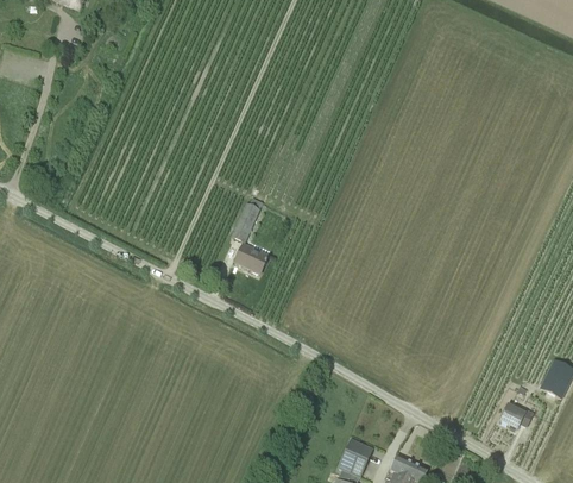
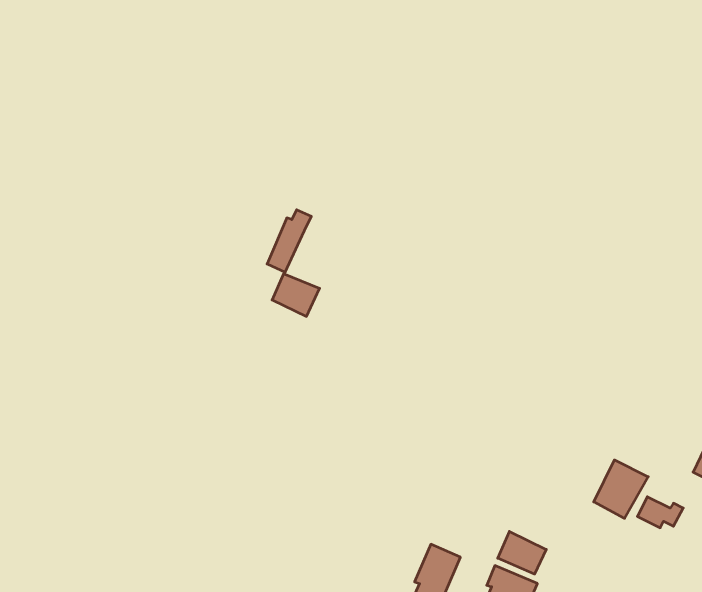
building: none -> [594,460,648,518]
building: none -> [498,531,546,574]

